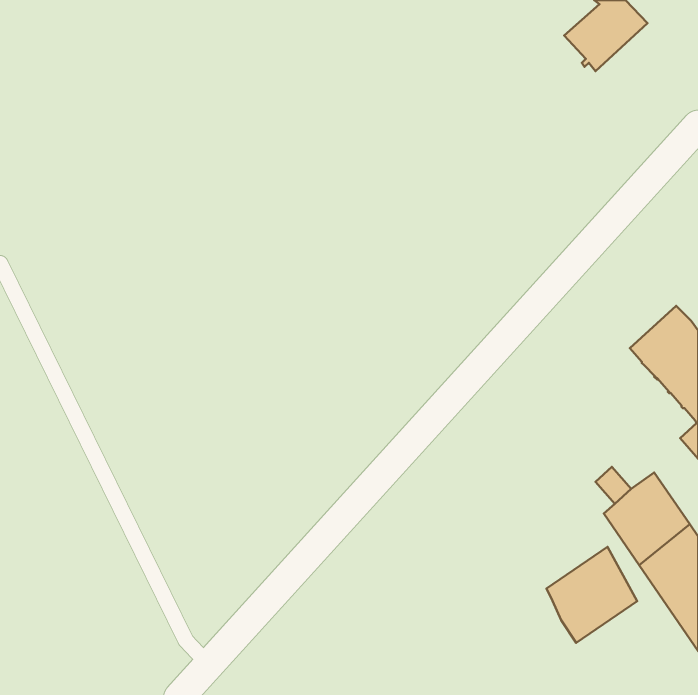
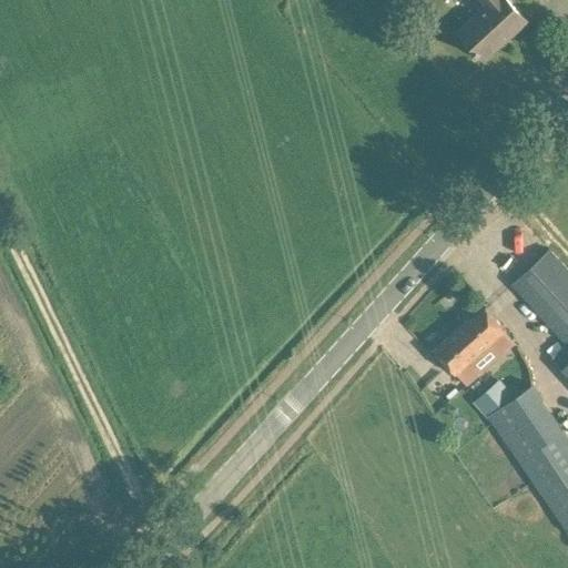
building: none -> [434,308,514,386]
building: [547,547,637,643] -> none

